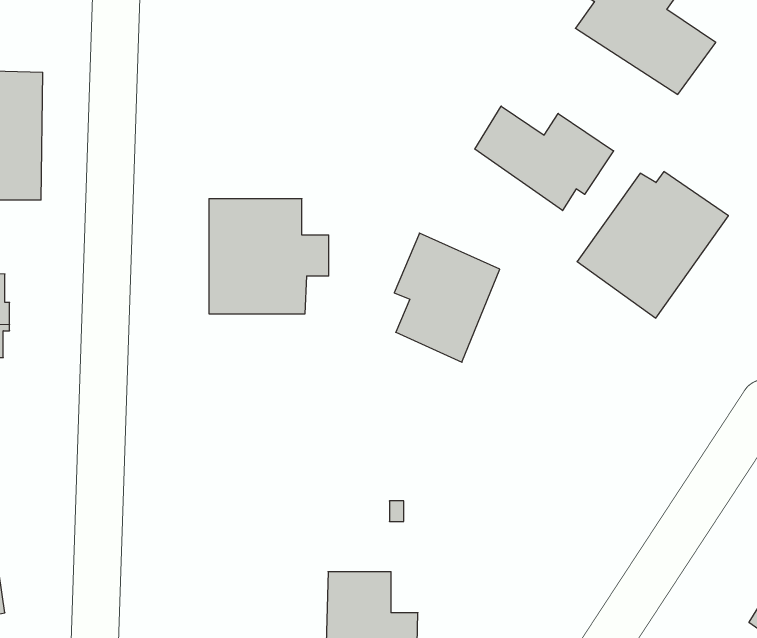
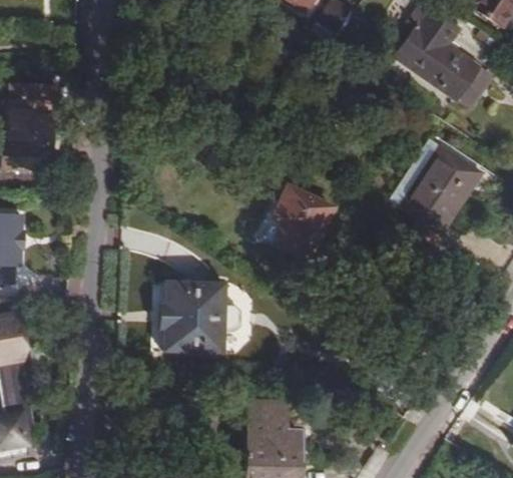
building: [475,106,614,211] -> none
building: [209,199,329,314] -> [159,280,235,353]

